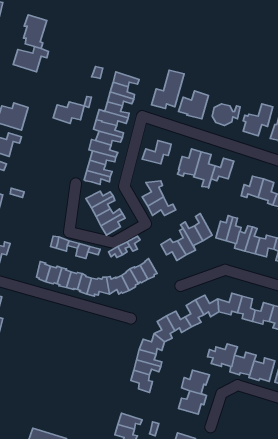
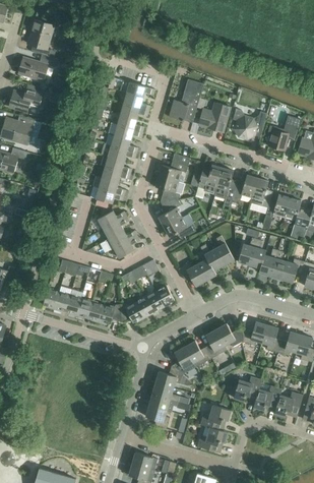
building: [53,102,84,124] -> [8,88,42,112]
building: none -> [154,176,179,201]
building: none -> [250,178,271,207]

